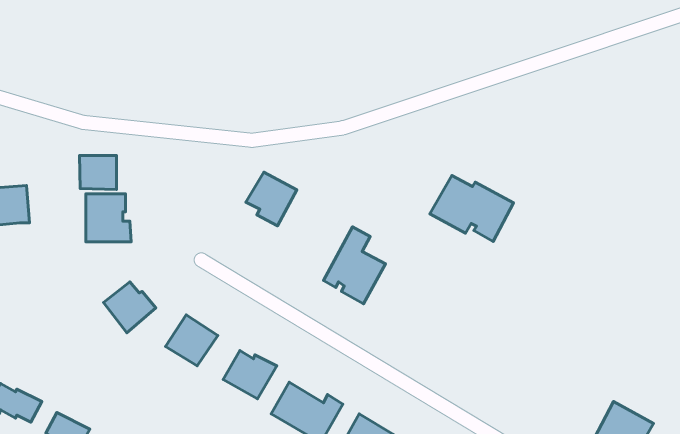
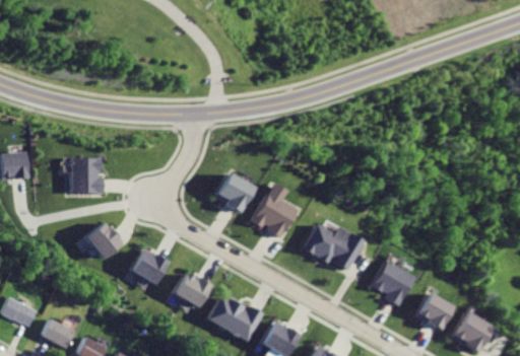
building: [79,156,116,189] -> none
building: [246,172,297,226] -> [214,173,252,213]
building: [430,175,514,241] -> [298,221,360,270]
building: none -> [368,261,411,305]
building: none -> [411,291,451,330]

